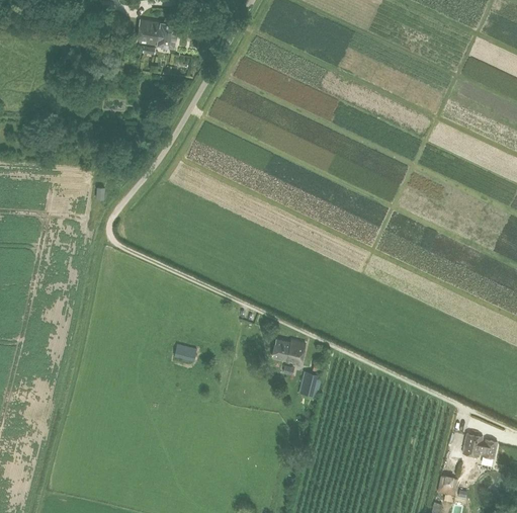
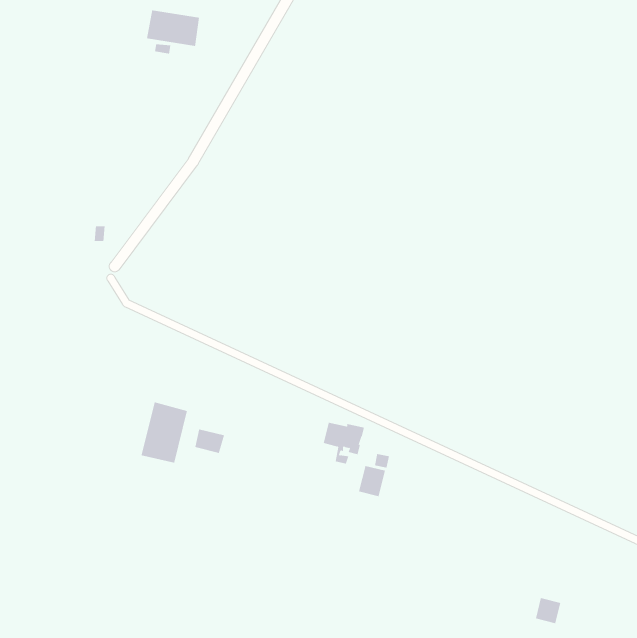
building: none -> [141,401,188,464]
building: [462,432,497,457] -> none

